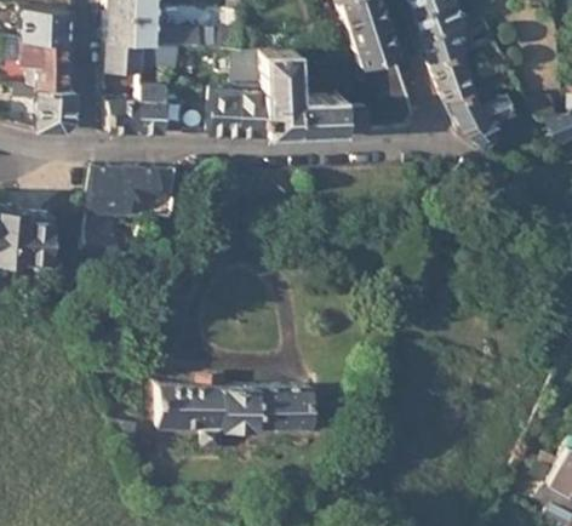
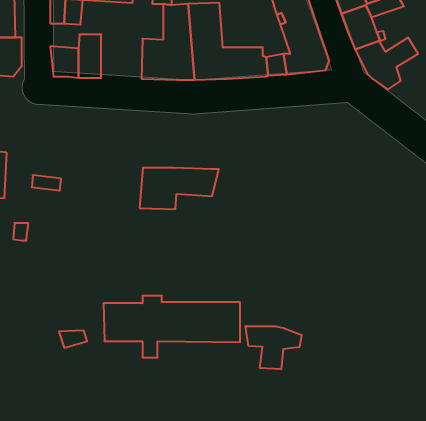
building: [92,166,181,212] -> [140,168,219,209]
building: none -> [245,326,302,369]

